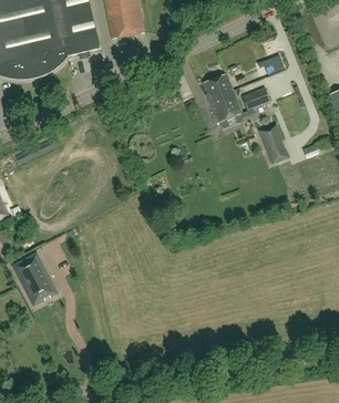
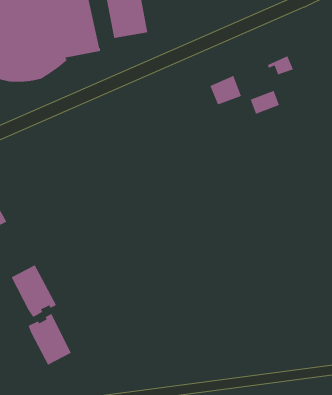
building: [210,93,242,122] -> none
building: [258,123,289,165] -> none
building: none -> [28,313,72,365]

